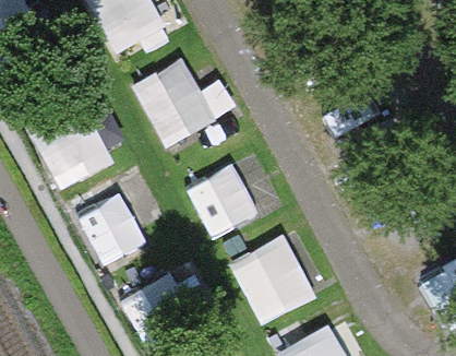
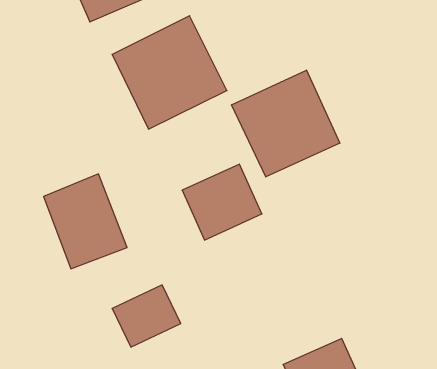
building: none -> [232,70,340,177]
building: [229,238,313,324] -> none

